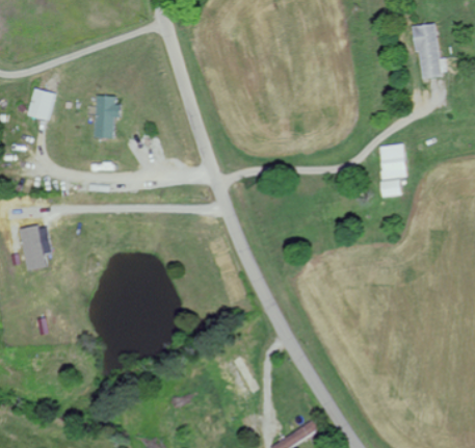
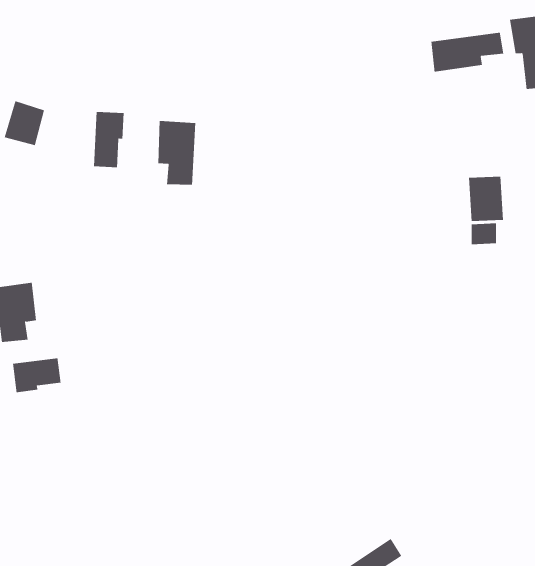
building: none -> [431,32,504,73]
building: none -> [158,120,196,185]
building: none -> [13,358,61,393]

